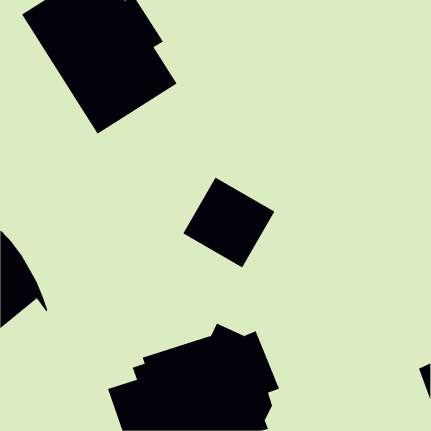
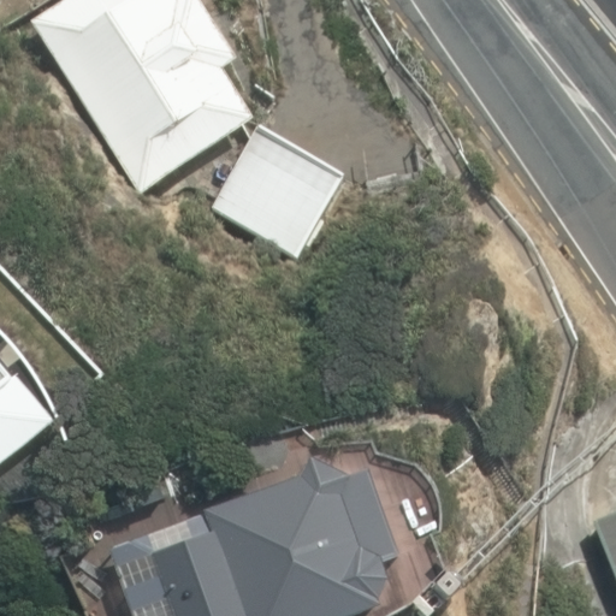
building: [182,177,275,268] -> [209,128,342,257]

